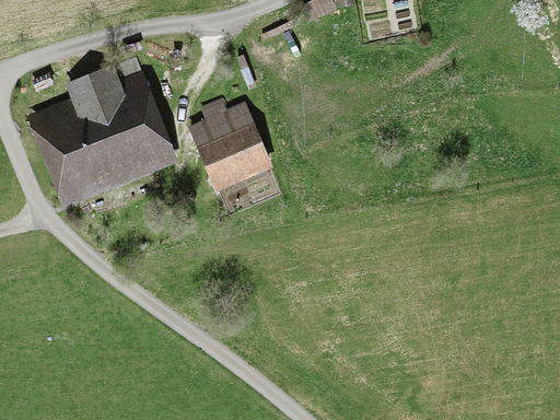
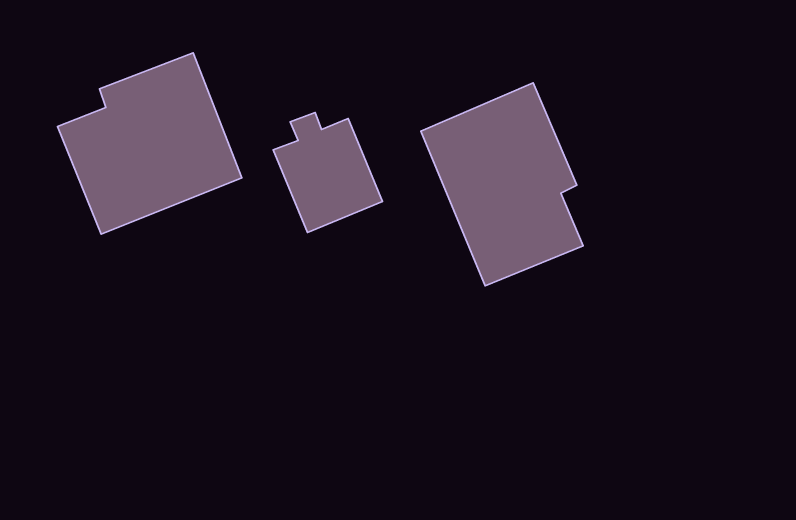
building: none -> [421,83,583,286]

